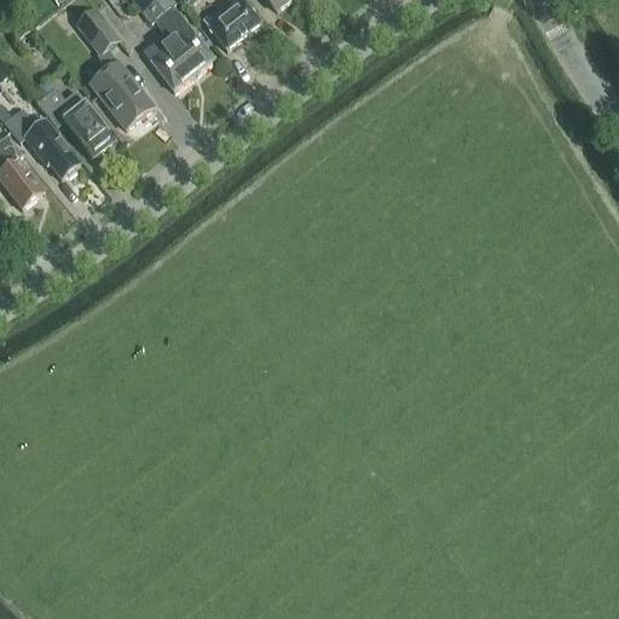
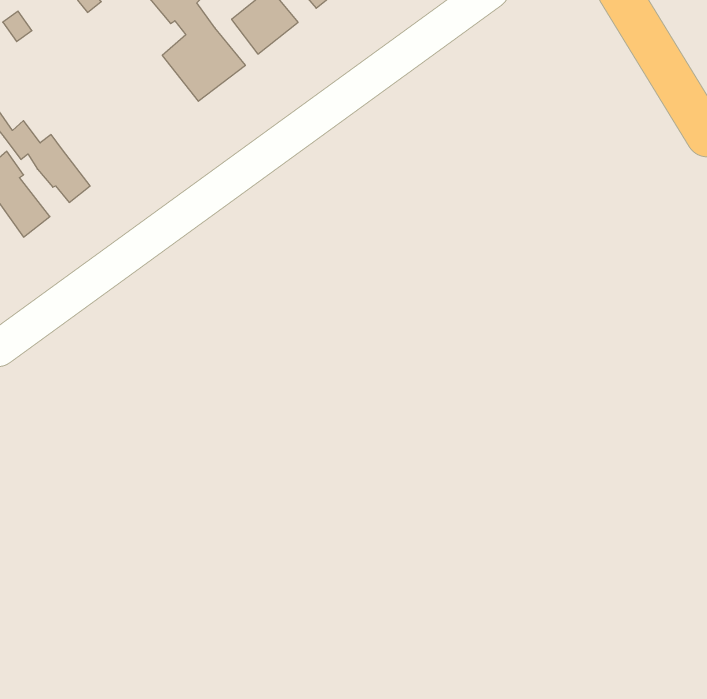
building: [75,6,152,127] -> none
building: [35,85,112,154] -> none

